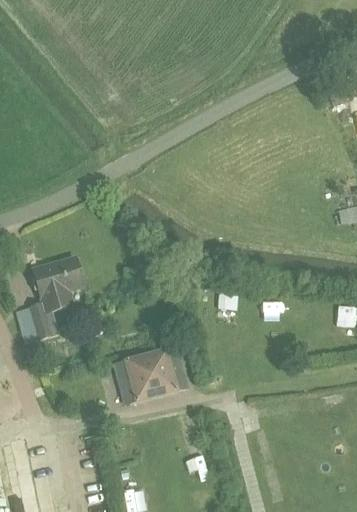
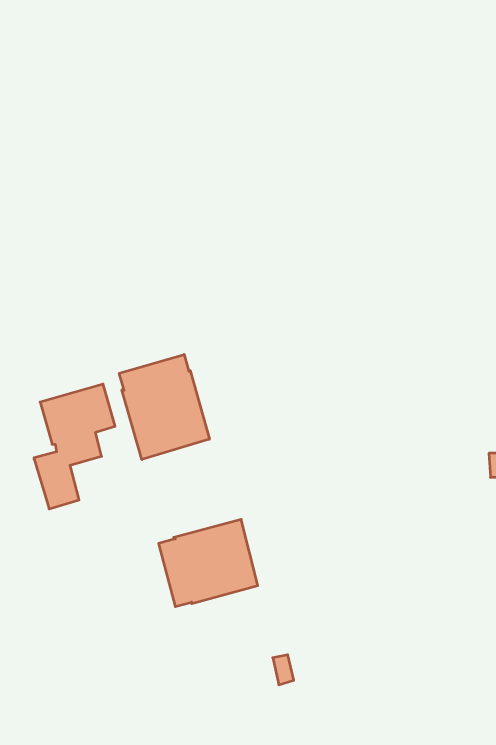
building: none -> [119,354,209,460]

